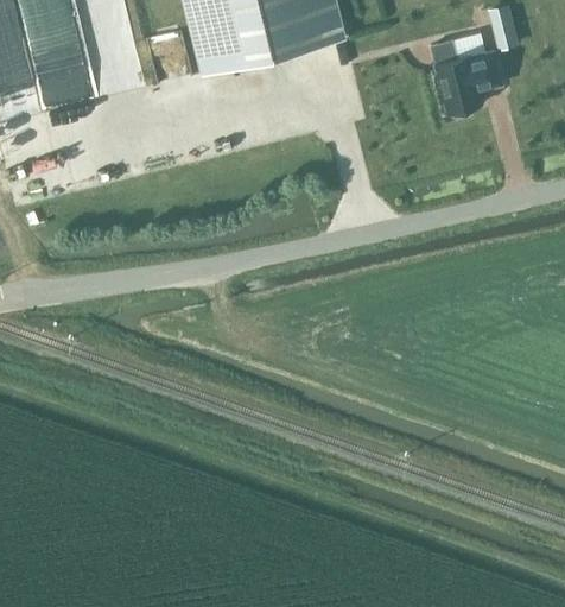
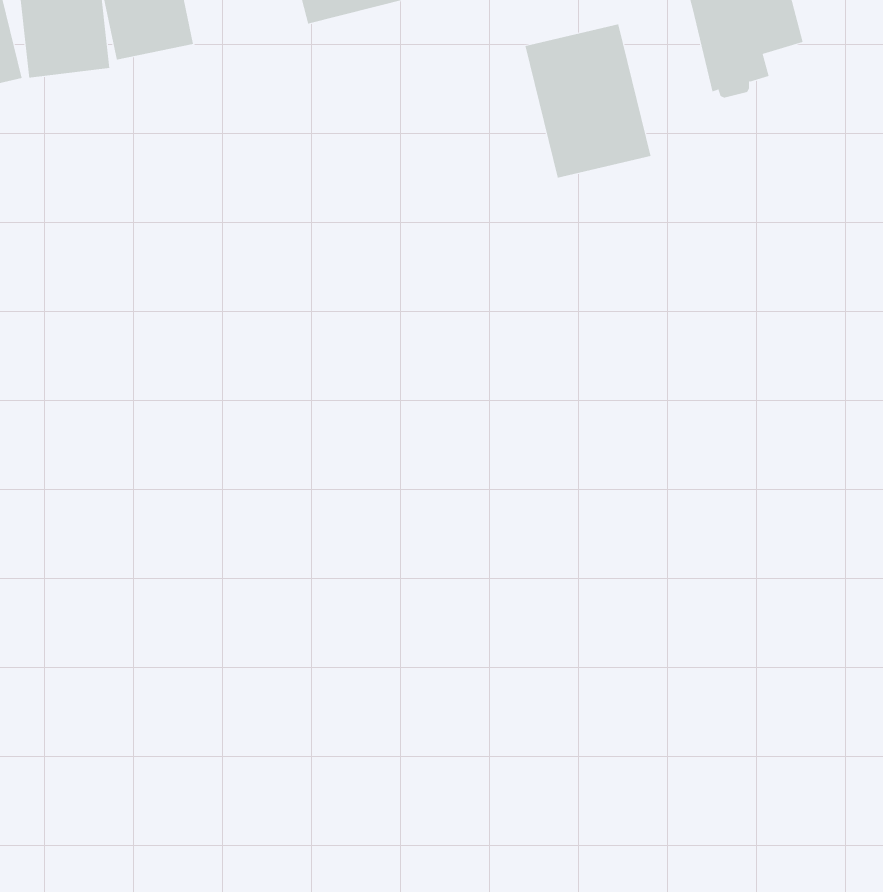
building: none -> [525,23,651,178]

